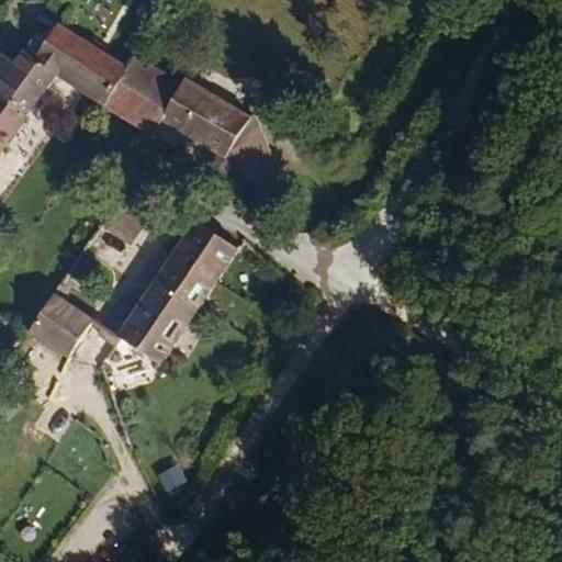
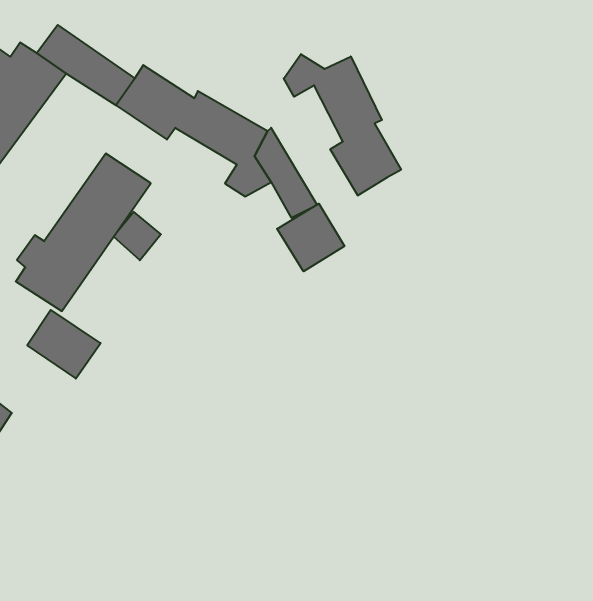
building: none -> [284,54,401,196]
building: none -> [277,204,344,271]
building: [113,217,238,363] -> [16,154,151,311]

